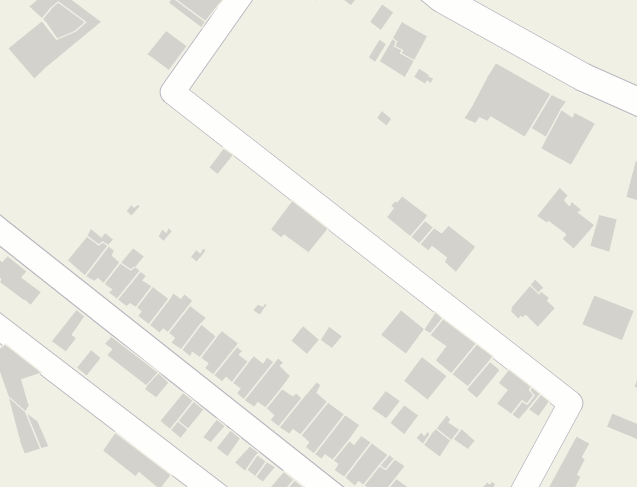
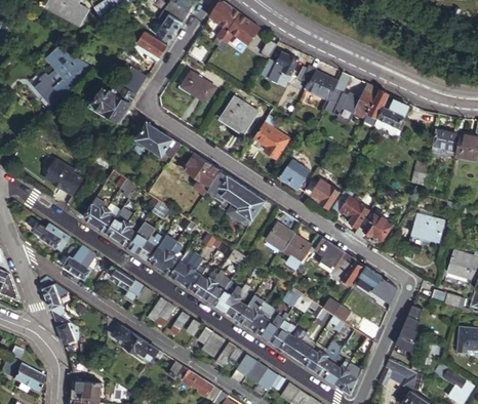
building: none -> [182,72,215,103]
building: none -> [298,66,338,100]
building: none -> [93,86,136,123]
building: none -> [222,98,256,134]
building: none -> [137,123,172,155]
building: none -> [254,116,289,159]
building: none -> [45,159,83,196]
building: none -> [184,153,221,195]
building: [536,187,595,250] -> [332,189,370,228]
building: none -> [234,187,266,220]
building: none -> [53,245,89,272]
building: [403,356,447,400] -> [267,224,294,251]

